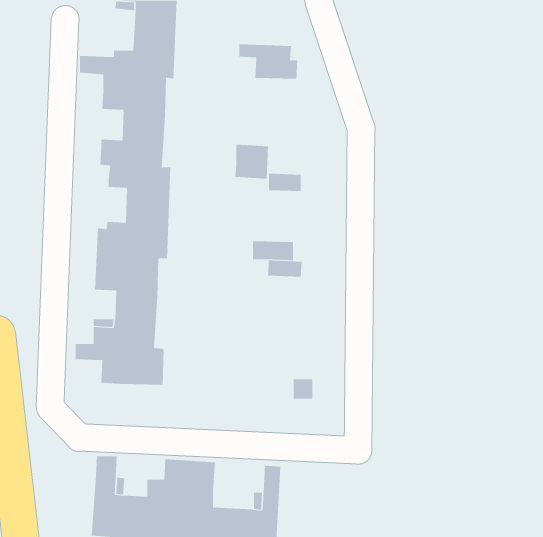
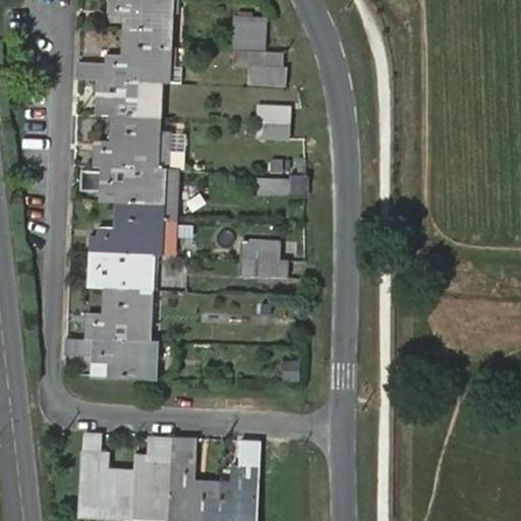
building: none -> [231,20,262,50]
building: [234,144,269,179] -> [256,103,289,136]

